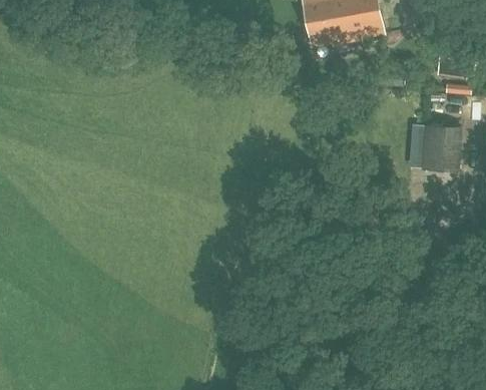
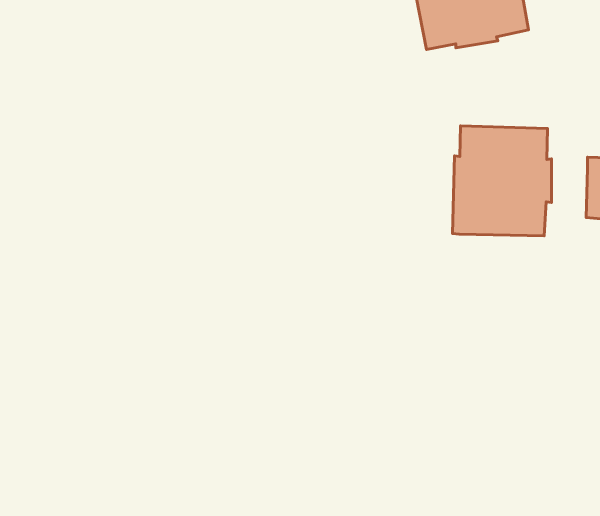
building: none -> [452,126,552,236]

